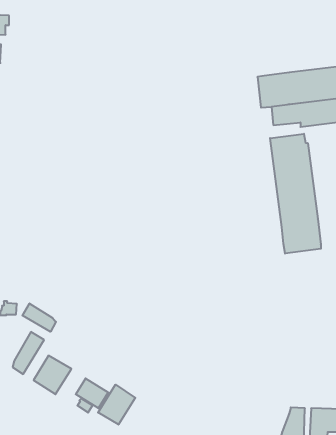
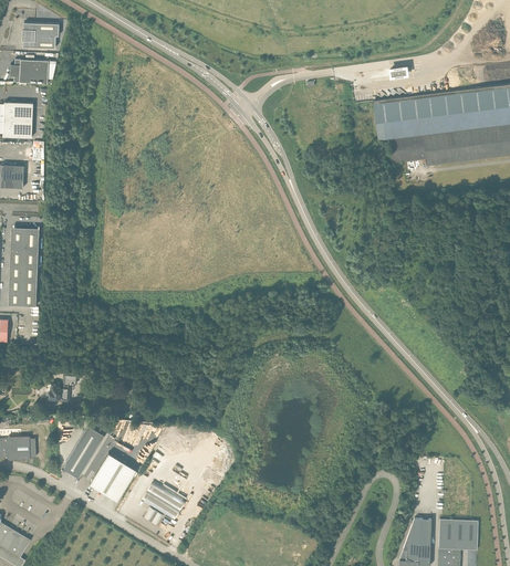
building: [270,134,321,254] -> none
building: [22,303,56,332] -> none
building: [98,385,135,425] -> none

